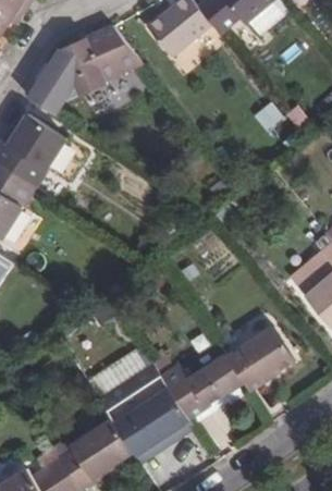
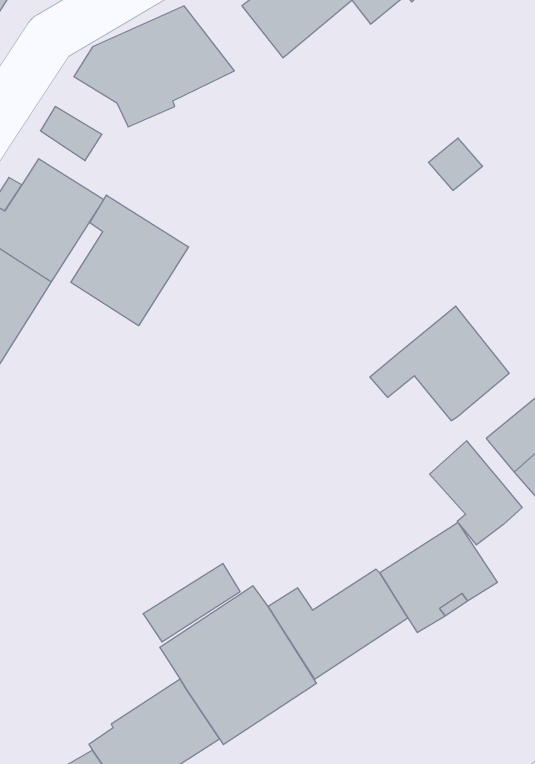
building: none -> [71,195,189,326]
building: none -> [370,306,509,421]
building: none -> [430,441,522,545]

